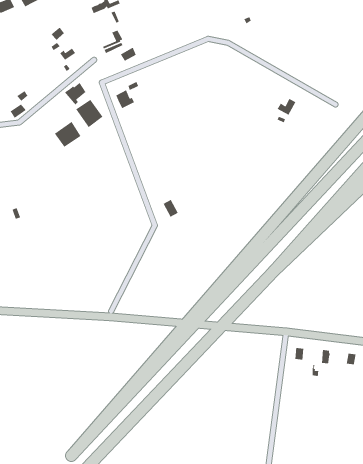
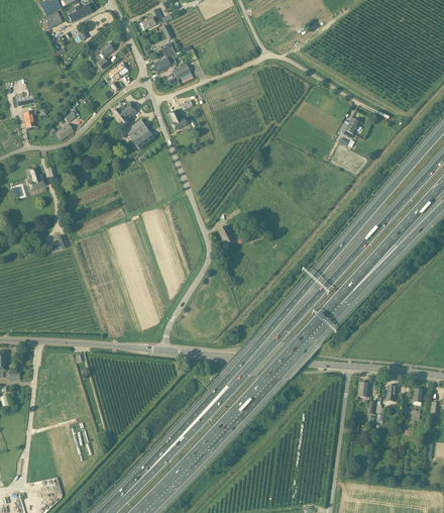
building: [54,121,82,148] -> none

